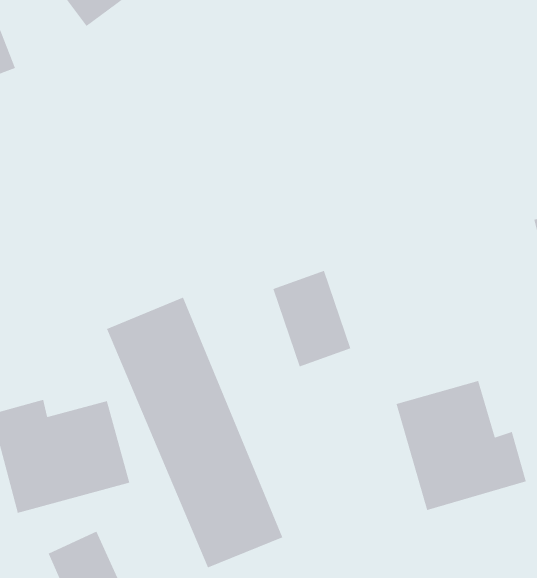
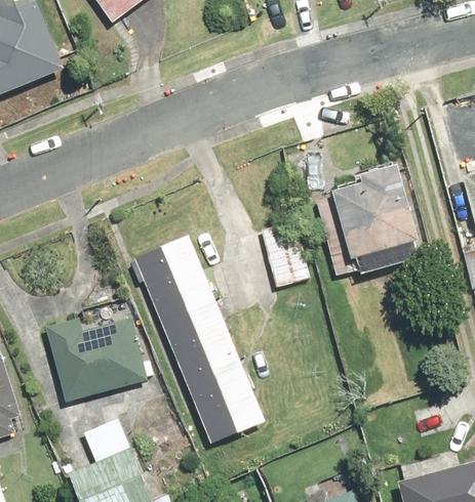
building: none -> [311,160,426,285]
building: [396,380,527,511] -> none

